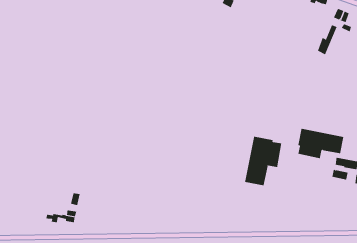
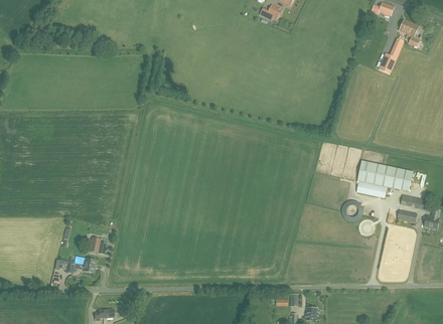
building: [245,136,282,186] -> none

